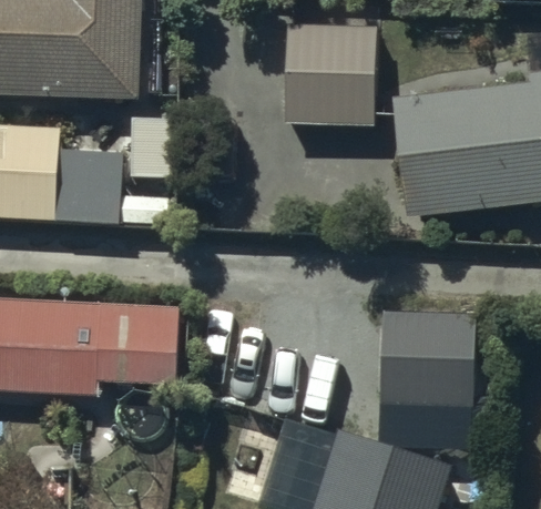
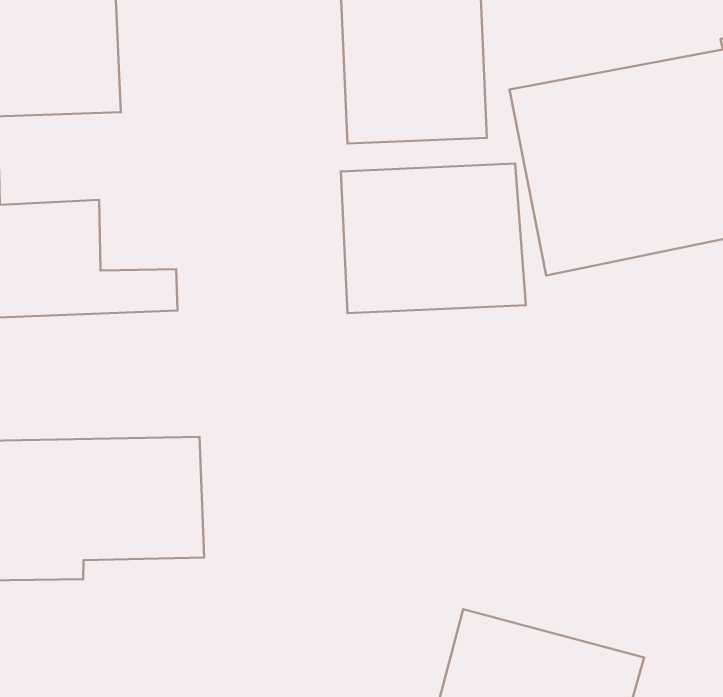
building: none -> [341,164,526,313]
building: [379,316,473,406] -> none

